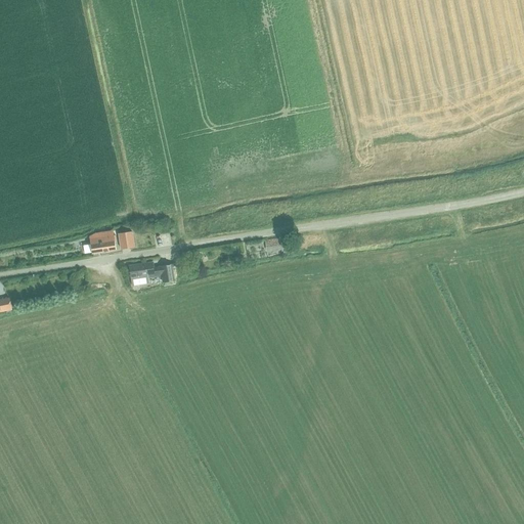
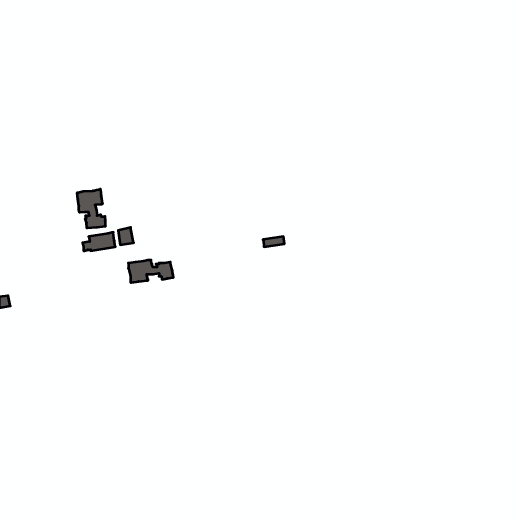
building: none -> [77,189,105,228]

